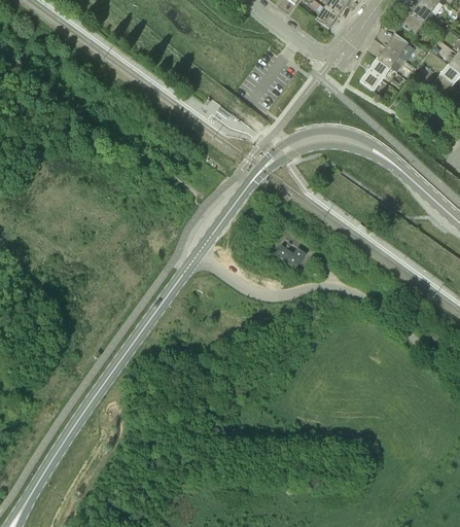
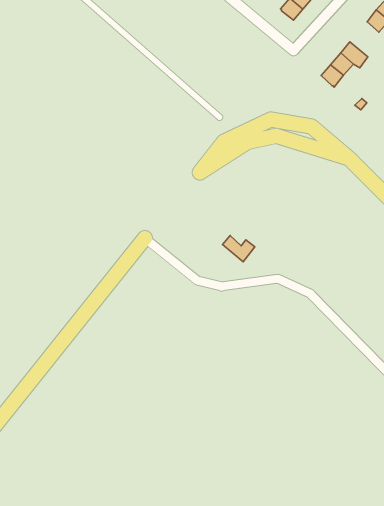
building: [387,31,416,58] -> none

